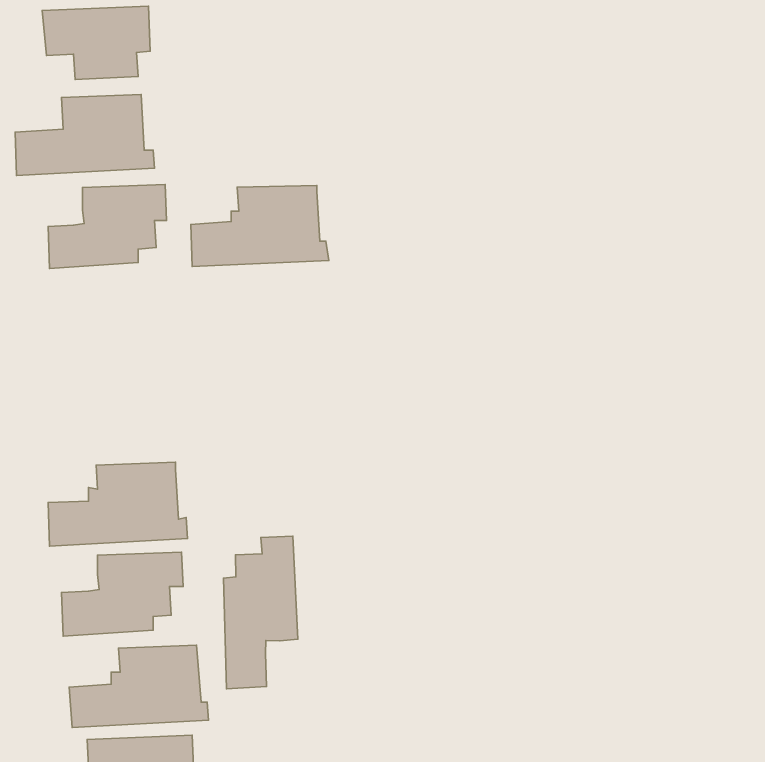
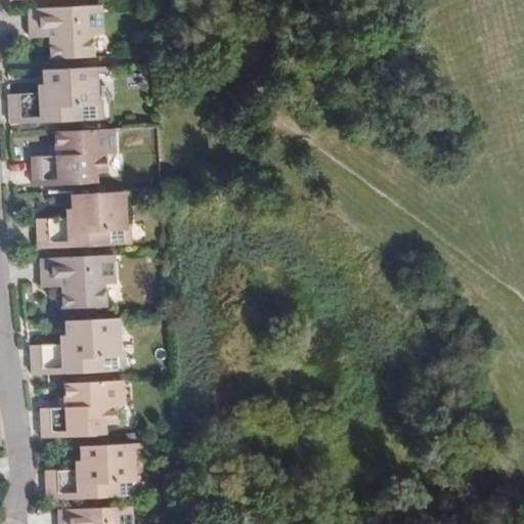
building: [191,186,329,267] -> [39,192,133,248]
building: none -> [41,255,115,308]
building: [223,536,298,689] -> none

